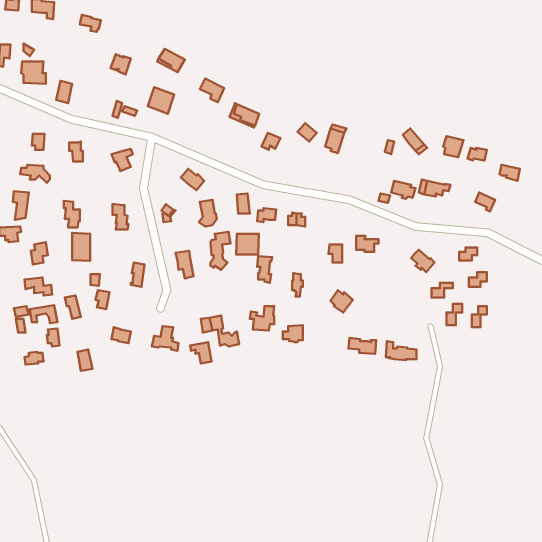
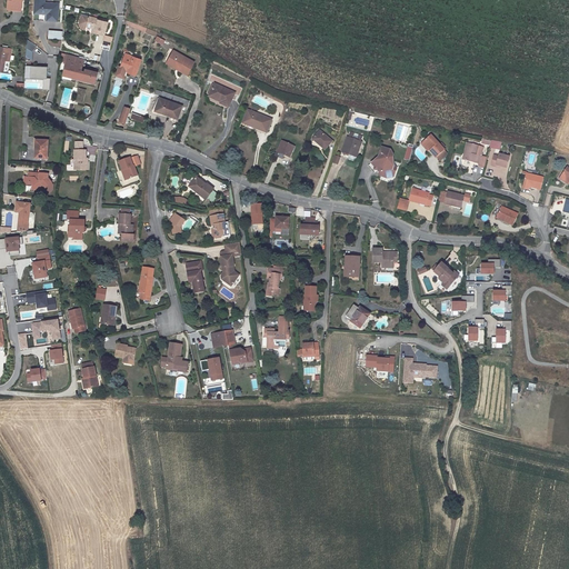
building: none -> [63,57,98,84]
building: none -> [368,144,396,177]
building: [72,233,90,261] -> none
building: [236,234,259,255] -> none

